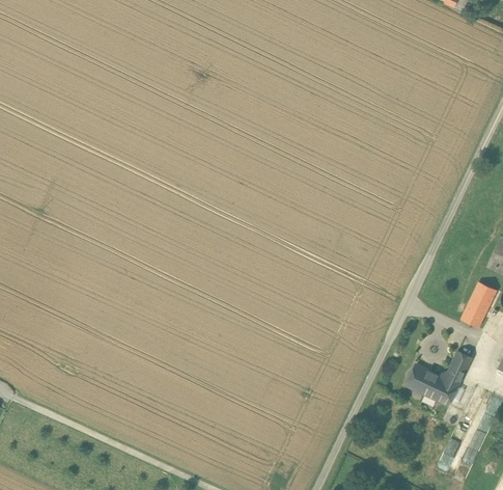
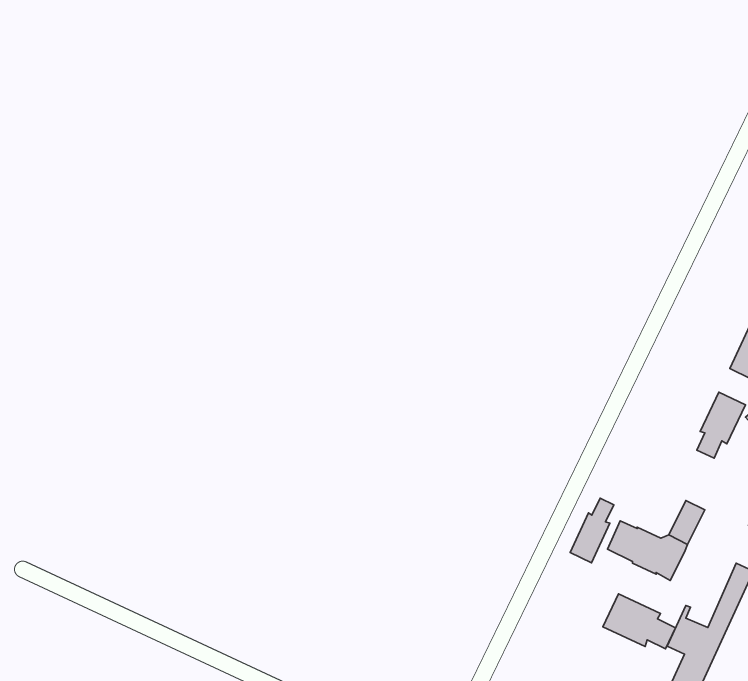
building: none -> [570,498,614,563]
building: none -> [603,594,676,649]

